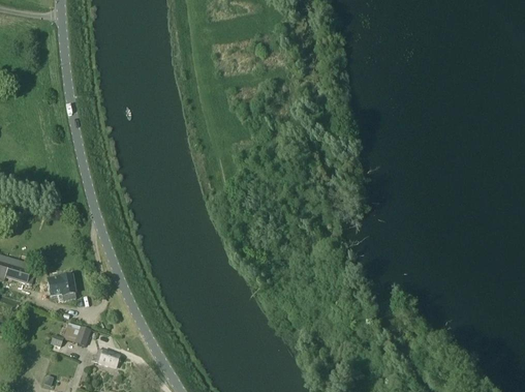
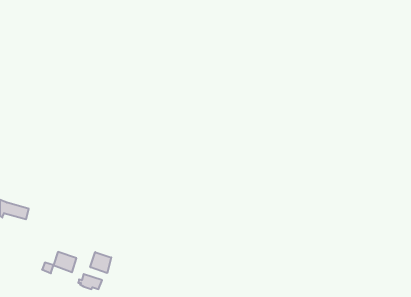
building: [47,273,75,299] -> none
building: none -> [90,252,111,273]

